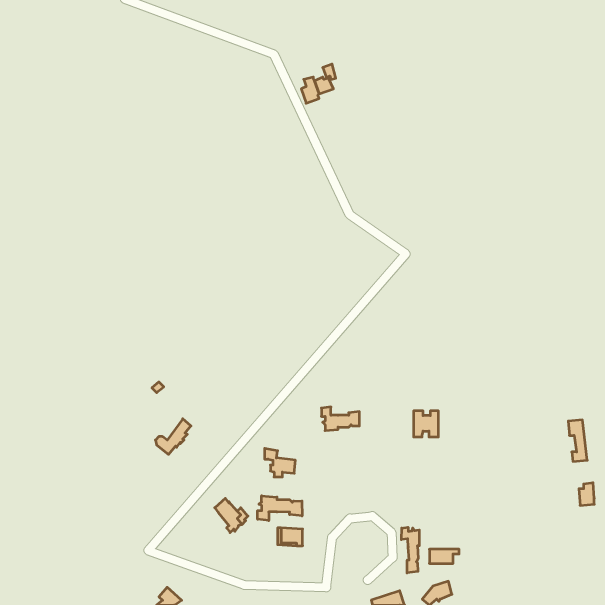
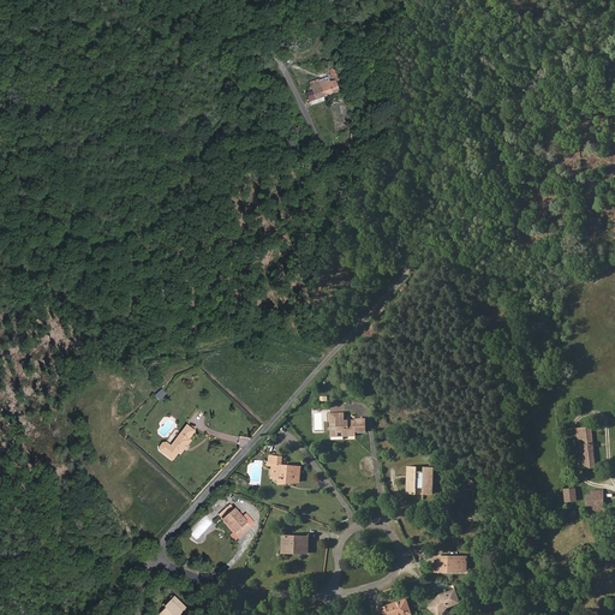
building: [414,411,438,437] -> [406,466,431,492]
building: [258,496,302,521] -> none
building: [401,527,419,573] -> none

